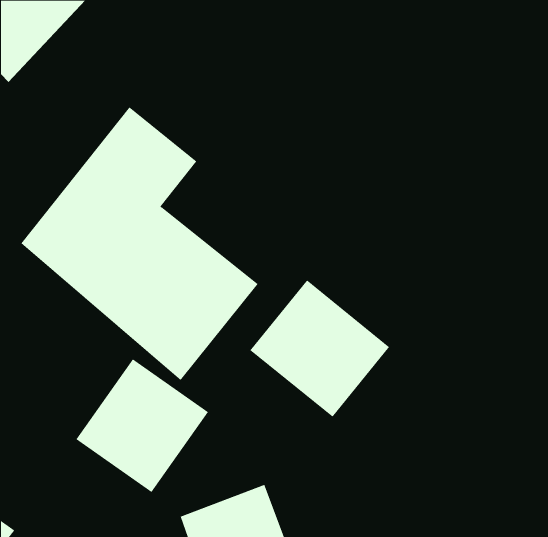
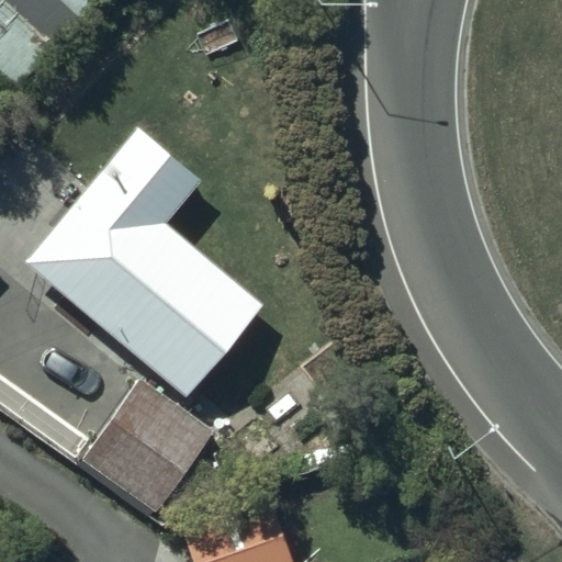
building: [250,279,390,418] -> none

